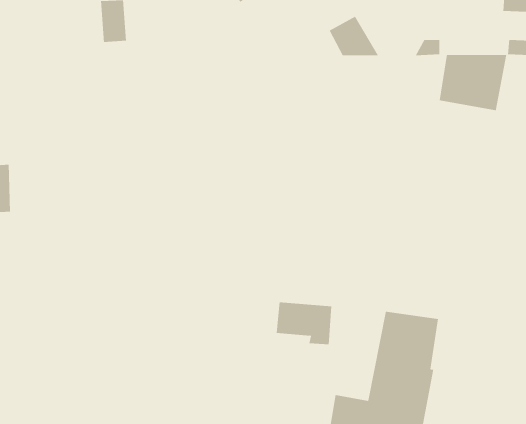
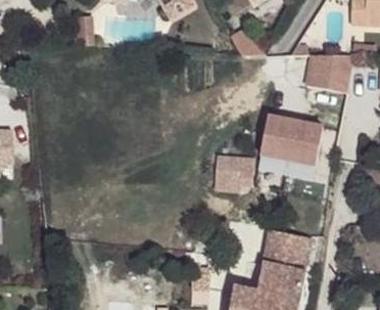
building: none -> [260,115,323,165]
building: [276,302,332,345] -> [216,154,254,184]

